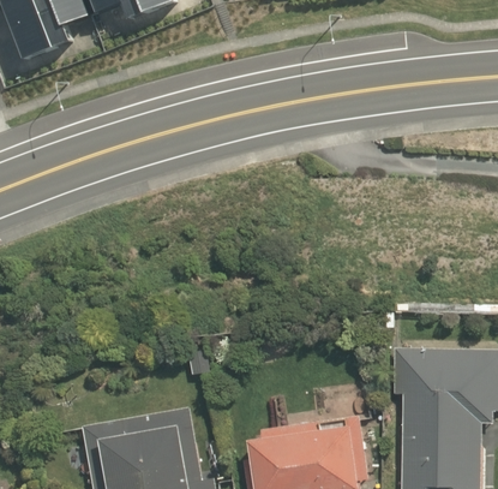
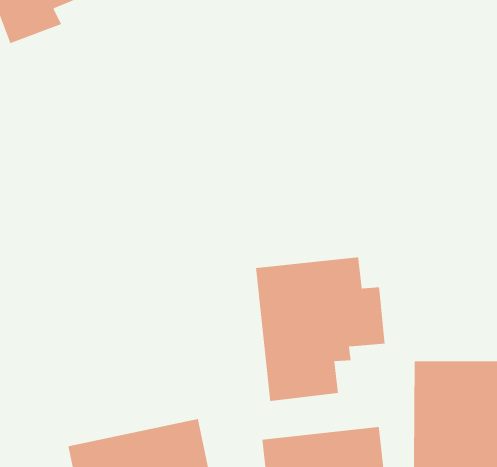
building: none -> [255,256,386,402]

